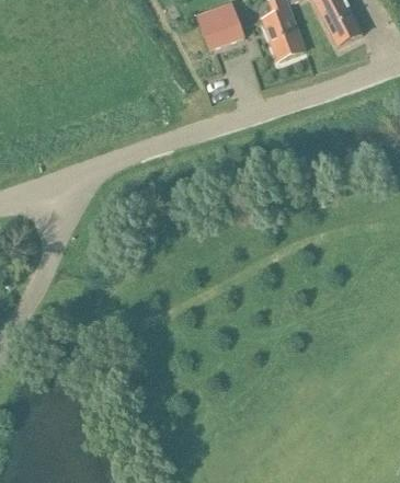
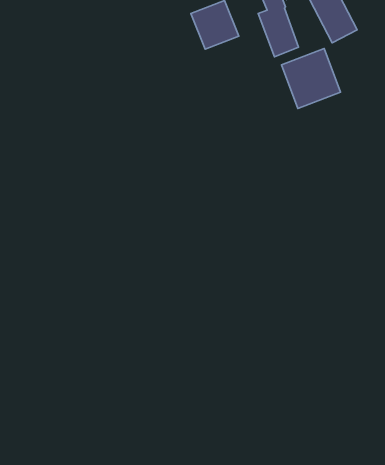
building: none -> [281,48,341,108]

